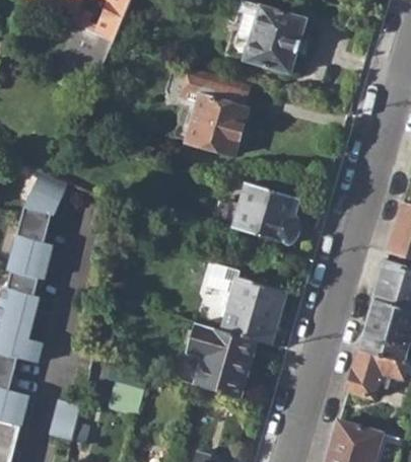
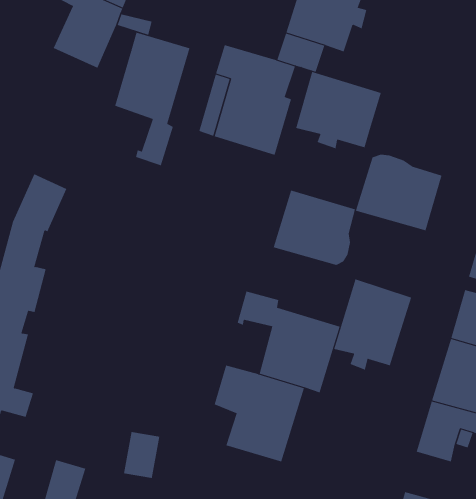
building: none -> [115,32,190,166]
building: none -> [296,71,381,149]
building: none -> [355,154,442,231]
building: none -> [334,278,412,370]

